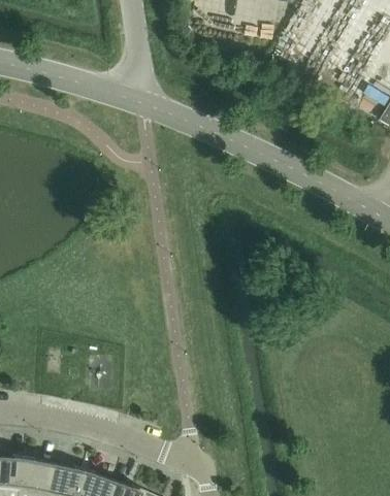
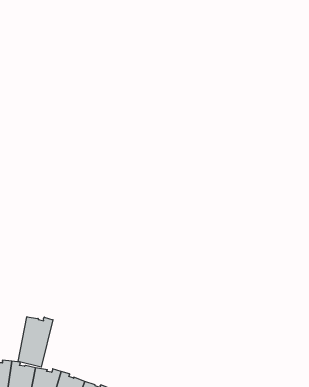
building: none -> [18,317,53,367]

